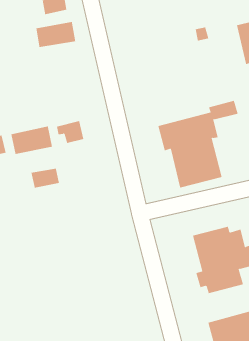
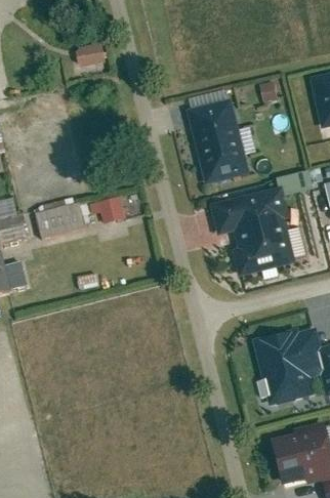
building: [36,21,76,48] -> none
building: none -> [184,97,247,179]
building: [31,168,59,189] -> none

